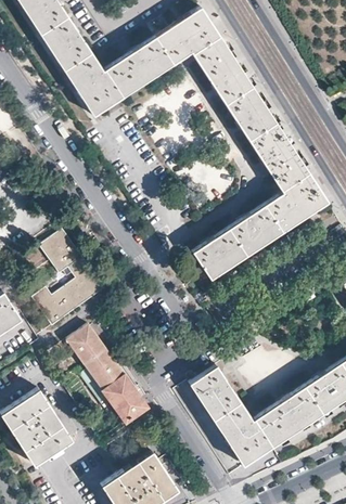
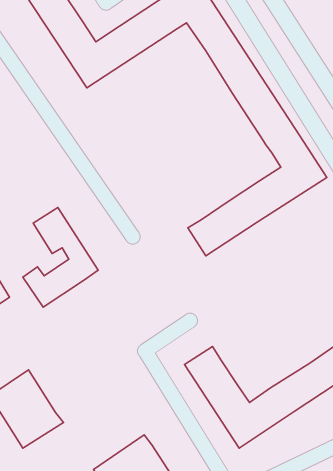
building: [67,326,148,424] -> none

